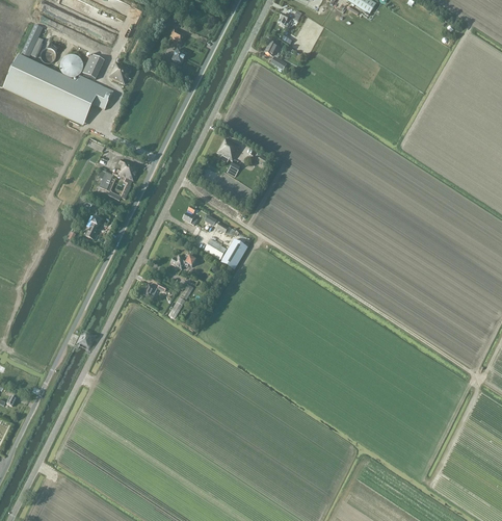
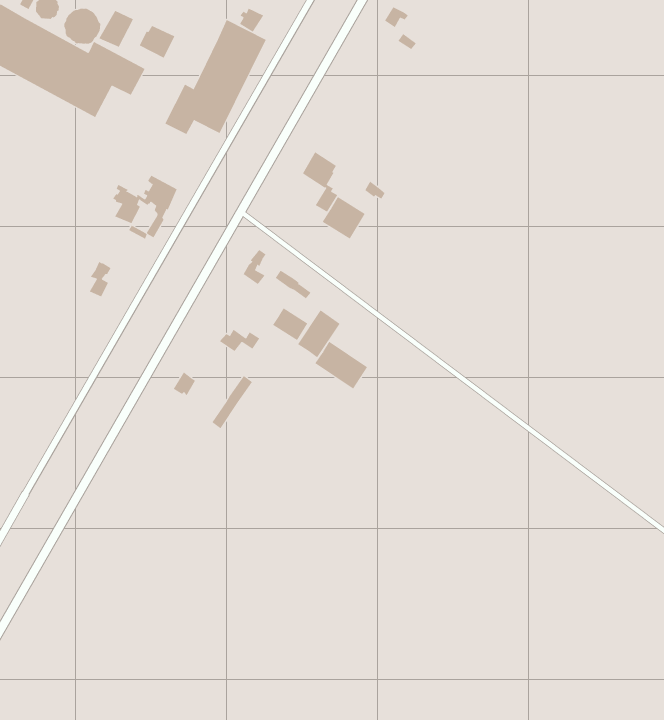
building: none -> [164,19,266,135]
building: none -> [322,196,366,240]
building: none -> [315,341,368,389]

